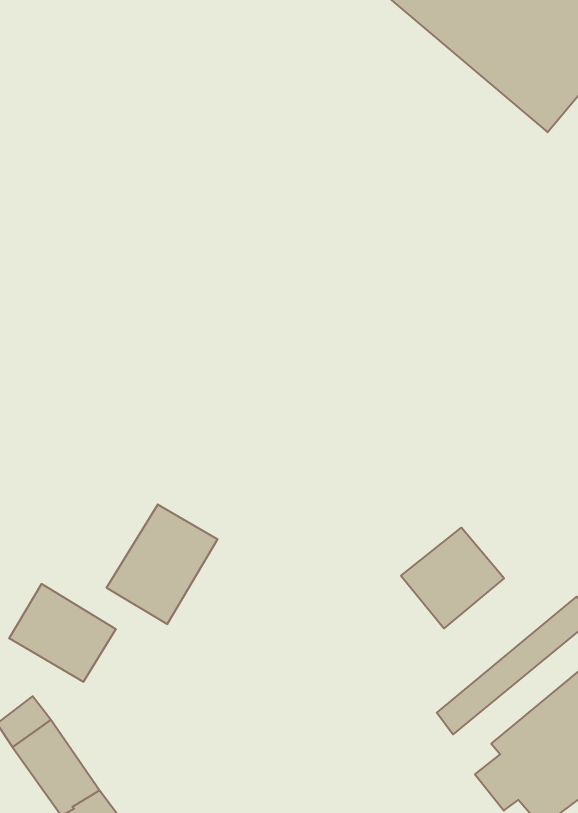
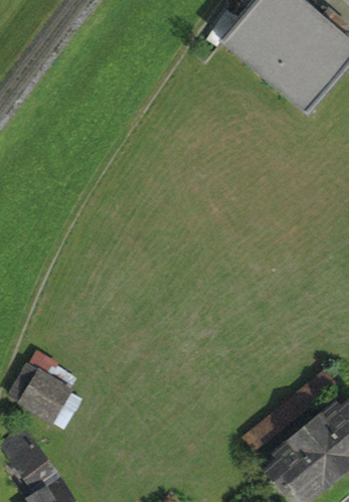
building: [107,504,217,624] -> none
building: [401,528,504,628] -> none

